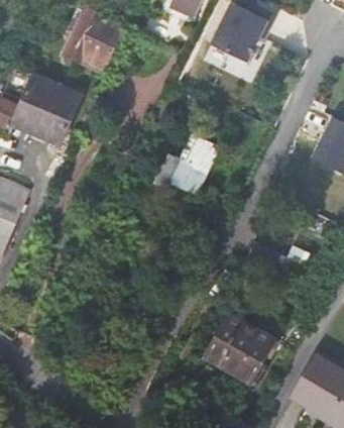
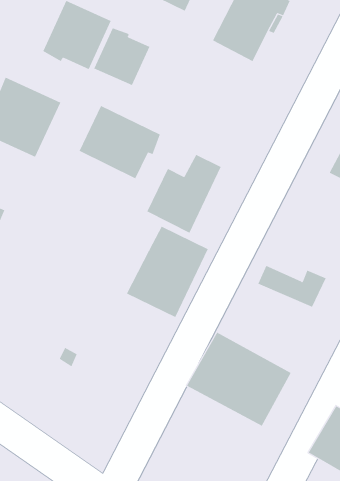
building: none -> [94,27,150,86]
building: none -> [79,105,160,179]
building: none -> [126,226,208,318]

